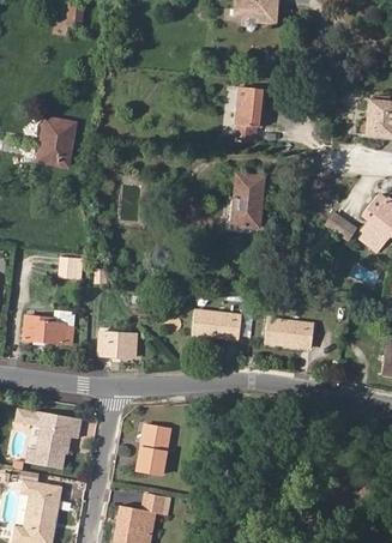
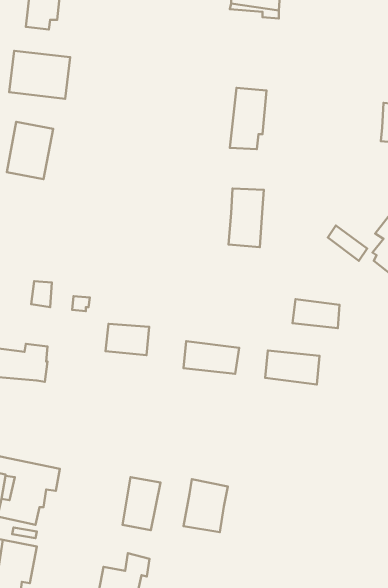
building: none -> [9,51,70,99]
building: none -> [292,299,339,328]
building: [97,331,135,358] -> [106,324,149,355]
building: none -> [183,479,228,532]

